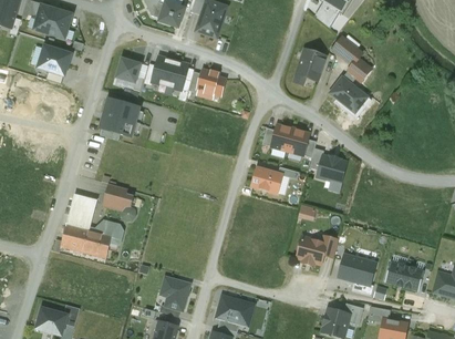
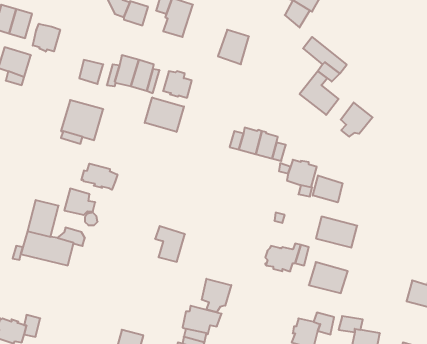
building: none -> [33,24,60,52]
building: [297,49,327,82] -> [218,30,249,64]
building: none -> [145,97,184,132]
building: none -> [341,102,373,137]
building: none -> [81,164,117,190]
building: [252,168,281,192] -> none
building: none -> [313,175,343,202]
building: [384,260,424,290] -> [316,217,357,248]
building: none -> [202,279,231,312]
building: [162,276,190,310] -> [155,226,185,262]

